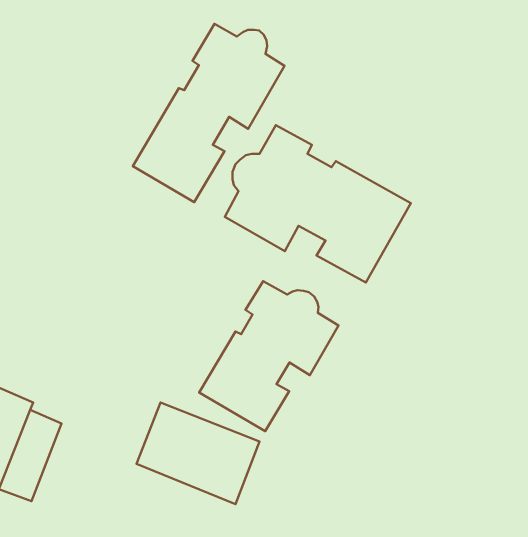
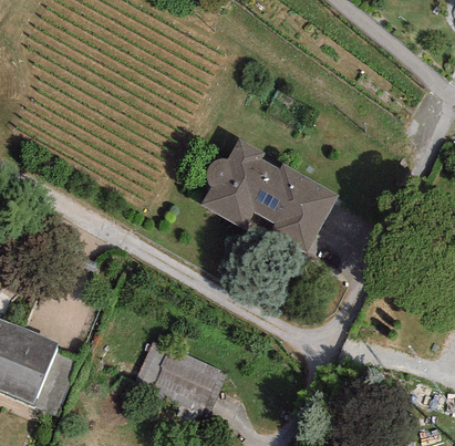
building: [133,24,284,202] -> none
building: [199,281,338,431] -> none

